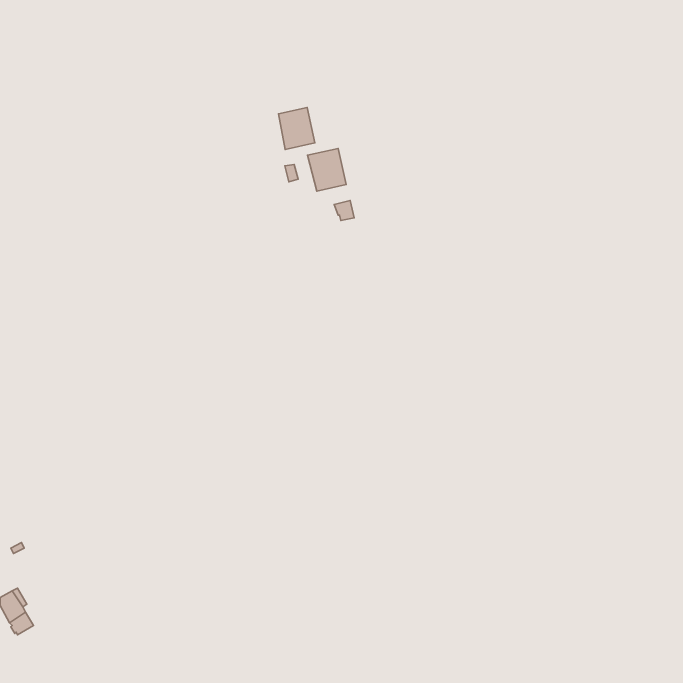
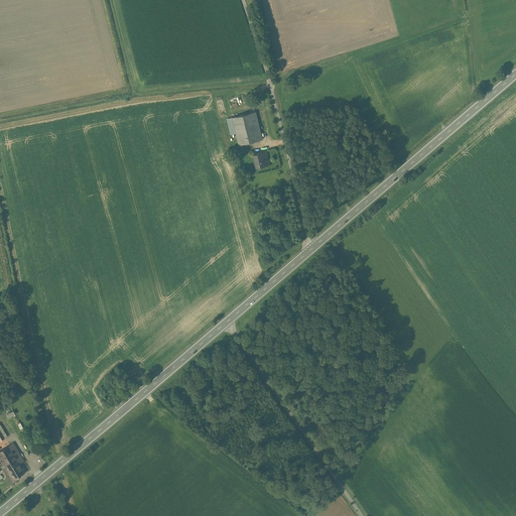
building: [278,108,315,149] -> none

